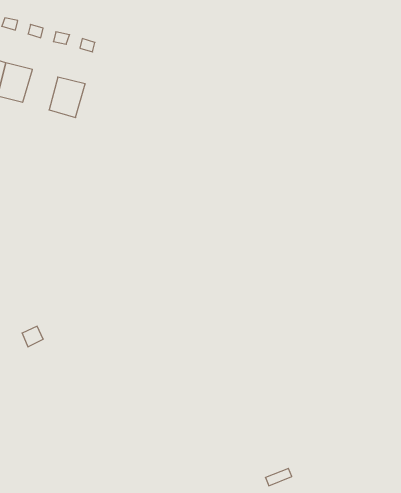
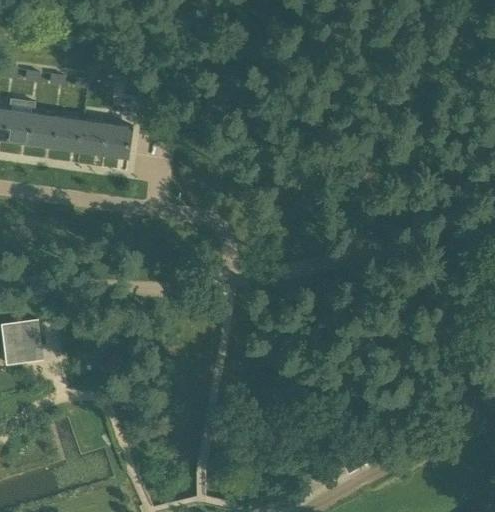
building: none -> [78,120,107,155]

